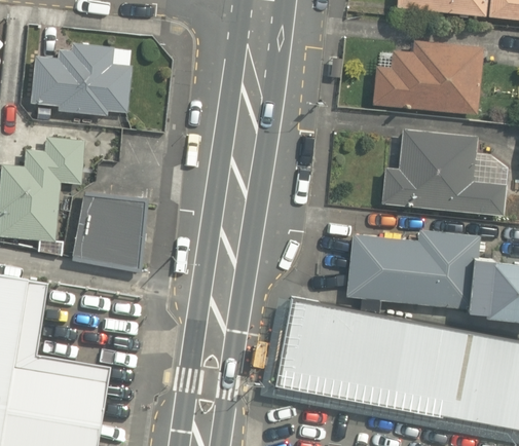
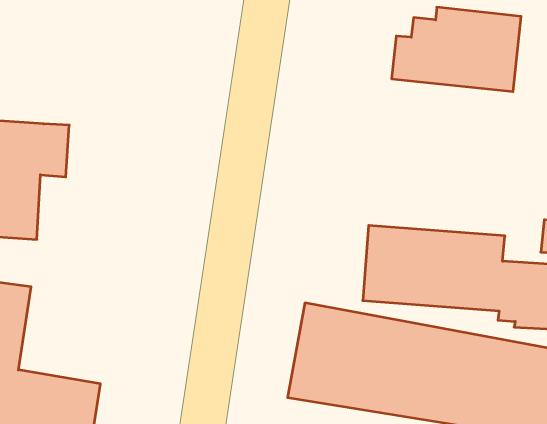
building: [36,45,131,118] -> none
building: [379,134,503,217] -> none
building: [72,187,154,277] -> none

